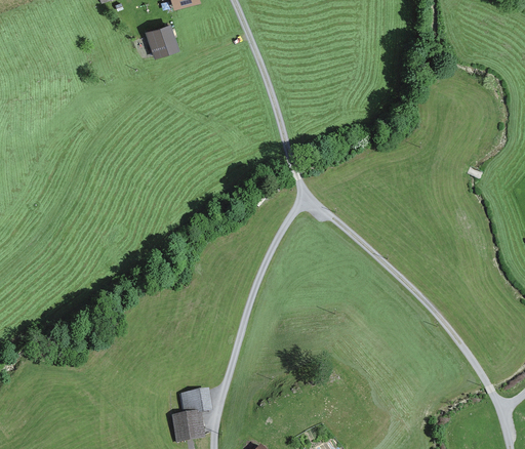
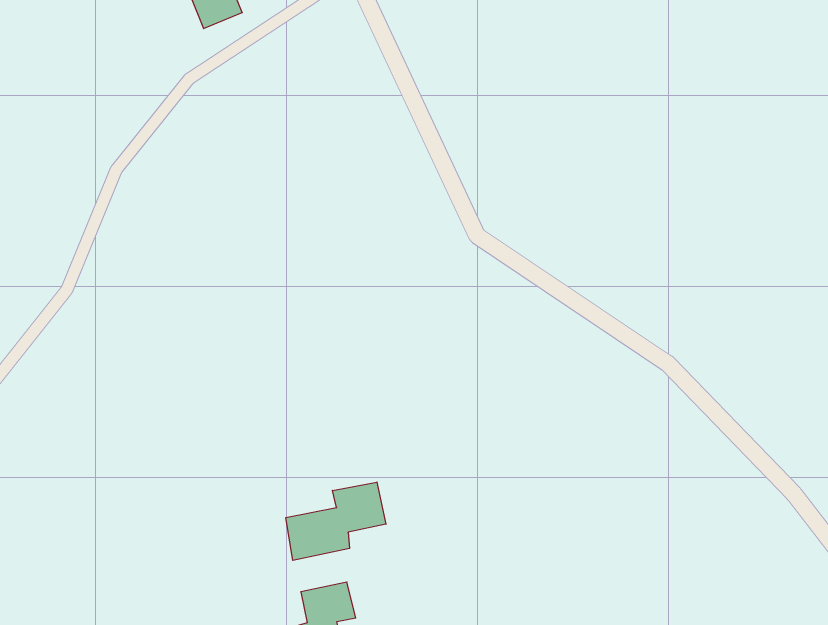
building: none -> [286,482,386,560]

